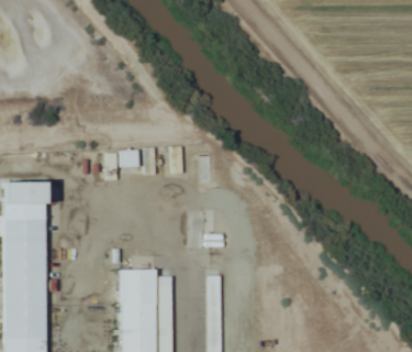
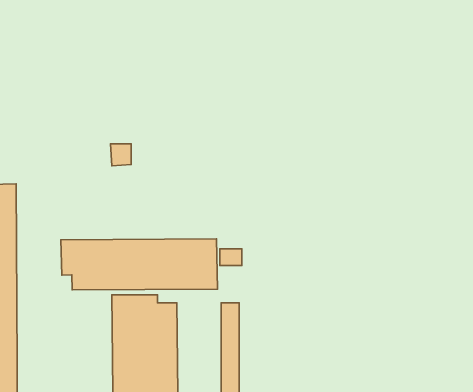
building: none -> [61,239,218,290]

